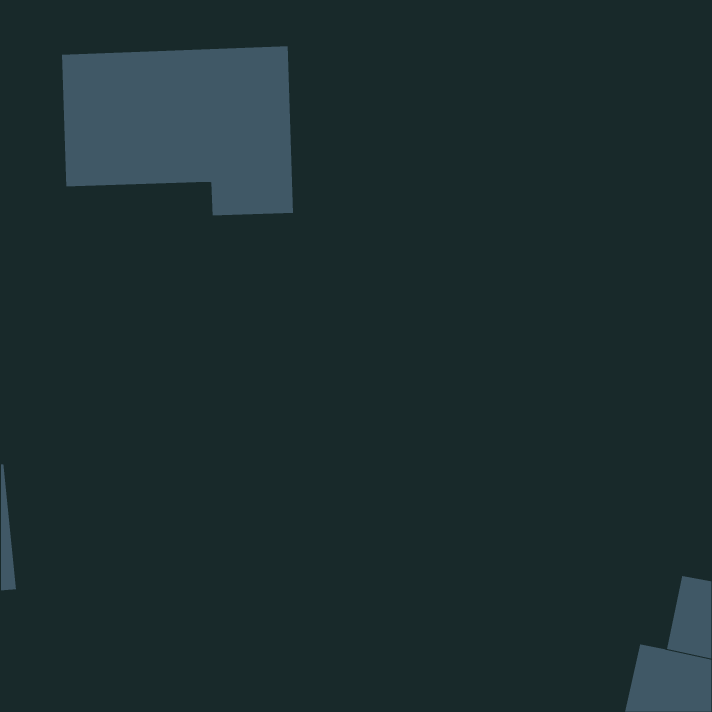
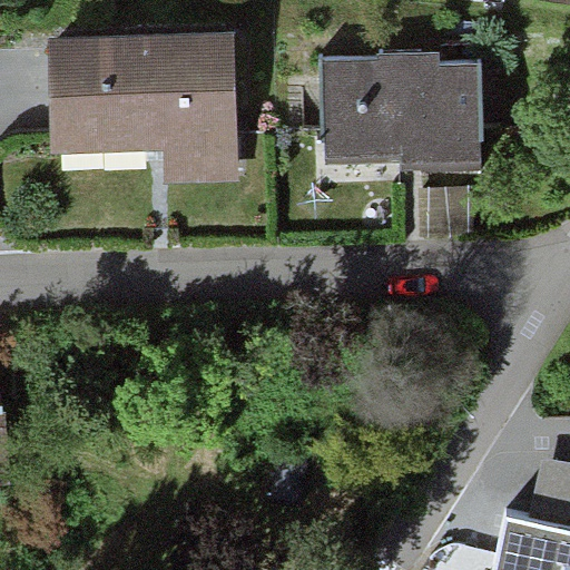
building: none -> [323,61,480,161]

